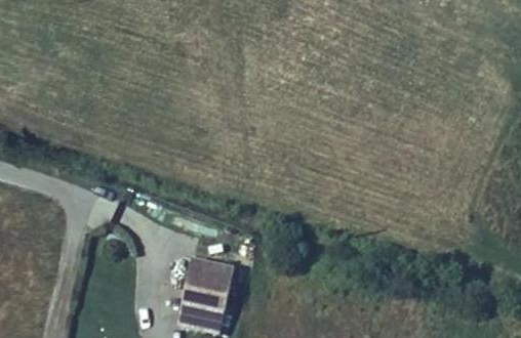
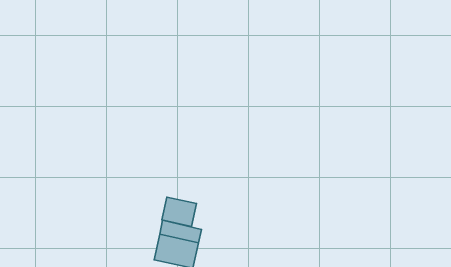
building: none -> [162,197,197,226]

